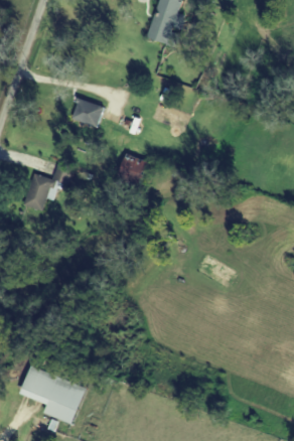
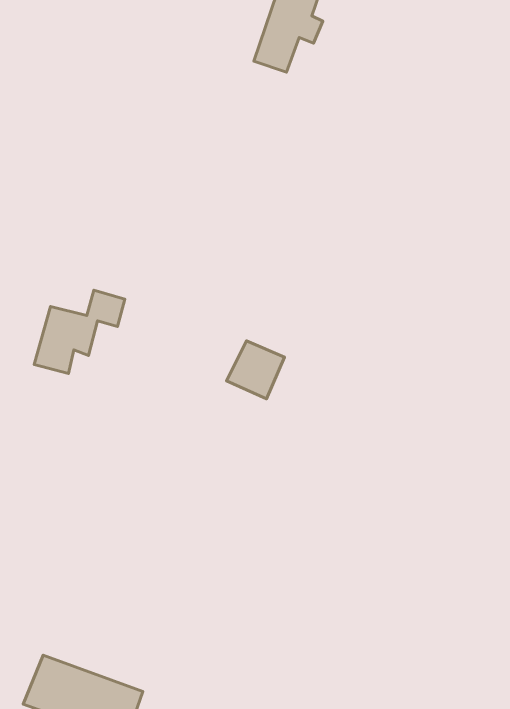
building: [71,98,104,127] -> none
building: [115,153,147,185] -> [226,341,284,399]

